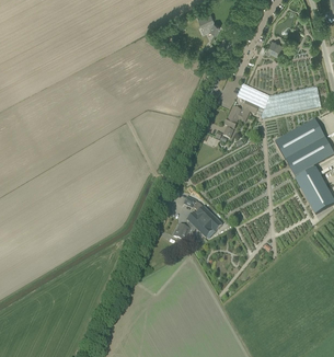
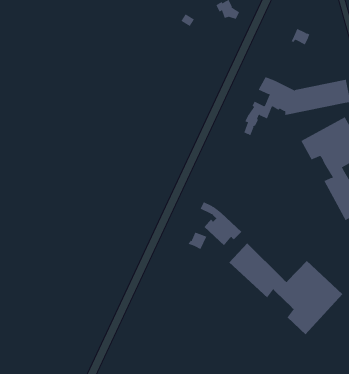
building: none -> [229,242,343,335]

